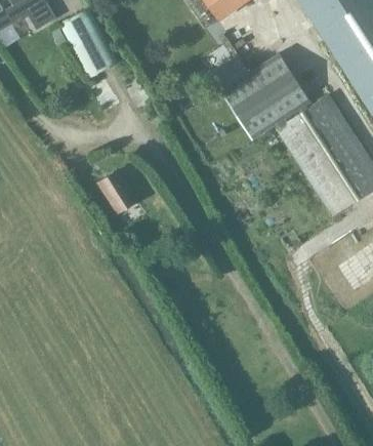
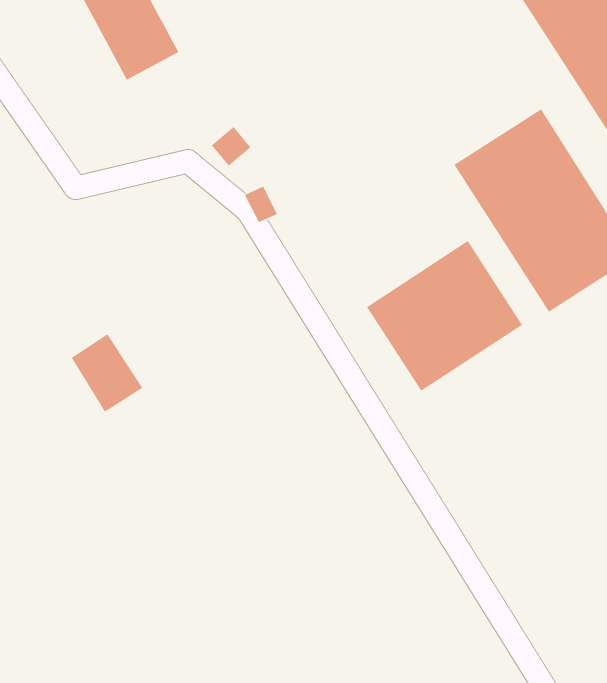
building: [220,52,312,140] -> [366,240,523,392]
building: [96,169,138,215] -> [71,333,143,412]

